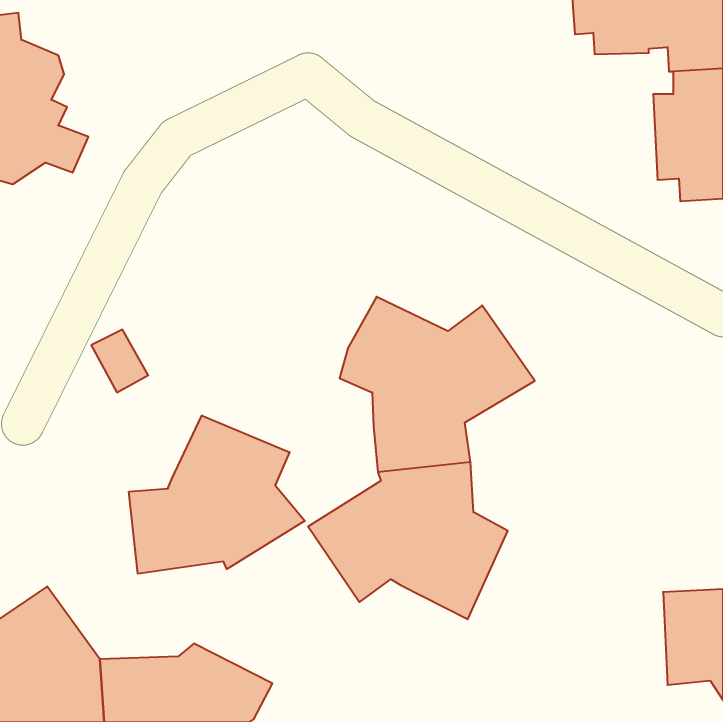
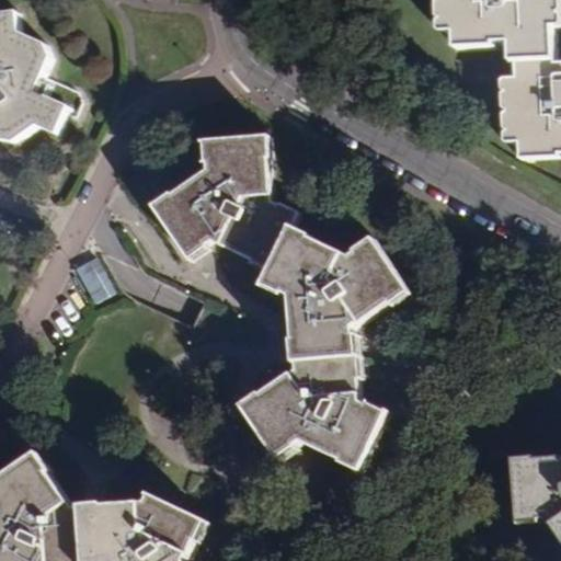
building: none -> [148,131,299,267]
building: [129,415,305,574] -> none

